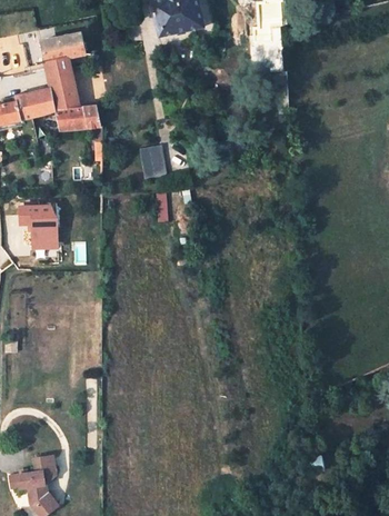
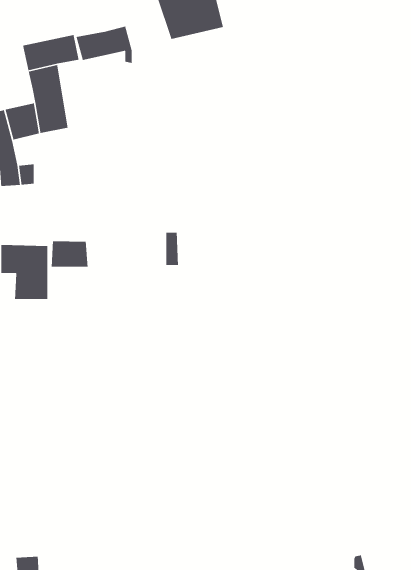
building: [54,105,101,136] -> [75,26,133,64]
building: [140,146,166,177] -> none
building: none -> [51,241,88,268]

